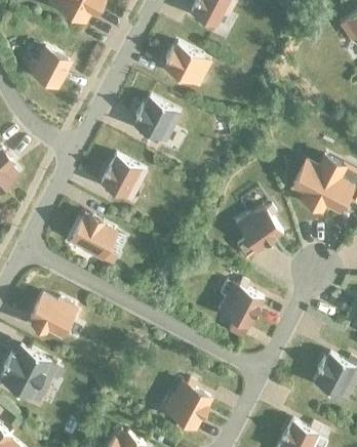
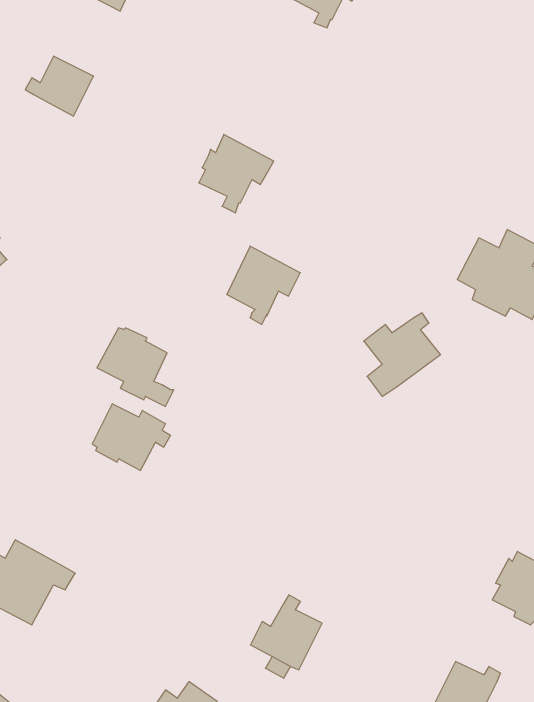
building: [164,44,209,82] -> none
building: [101,155,146,203] -> [227,246,300,324]
building: [217,281,263,338] -> none
building: [30,294,78,335] -> [92,404,171,470]

